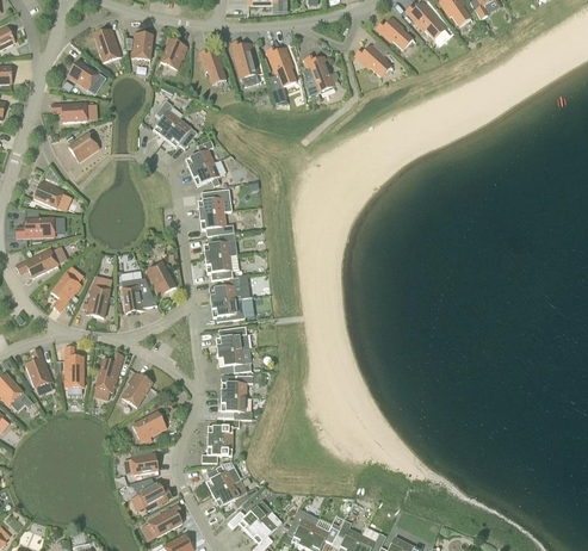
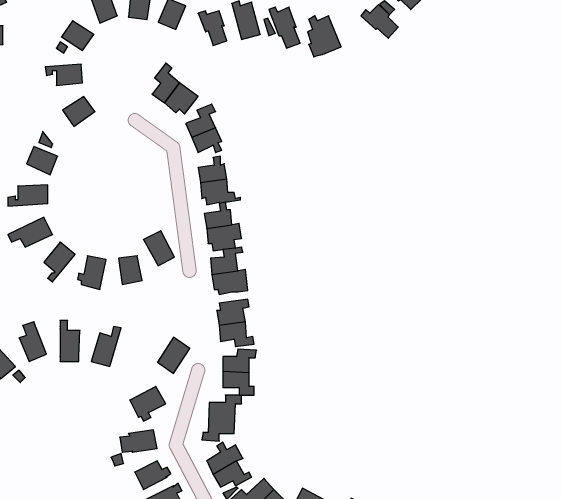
building: [122,372,153,407] -> [157,337,190,373]

